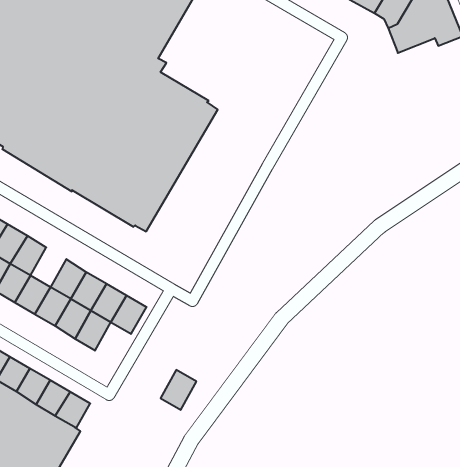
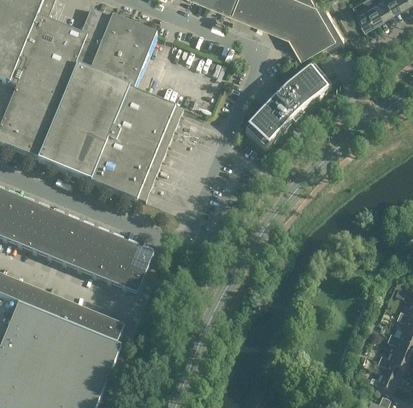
building: none -> [244,66,331,149]
building: none -> [70,222,93,249]
building: [161,370,196,410] -> [122,267,145,294]

